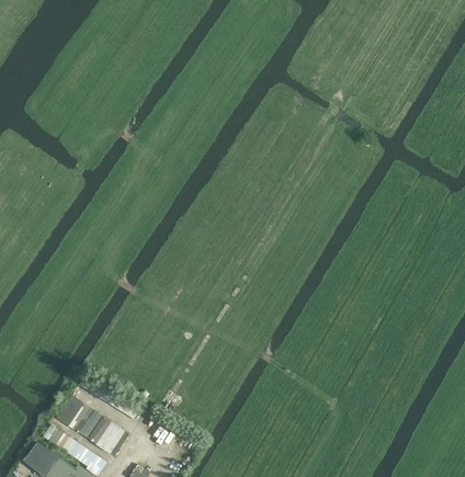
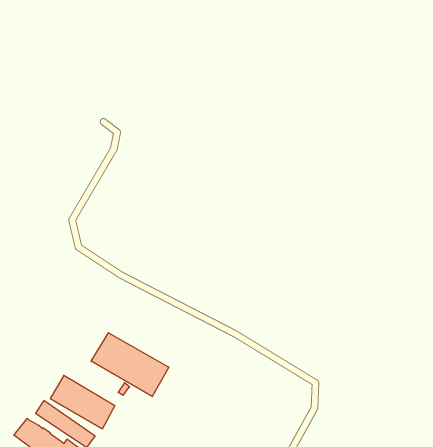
building: none -> [91,333,169,397]

